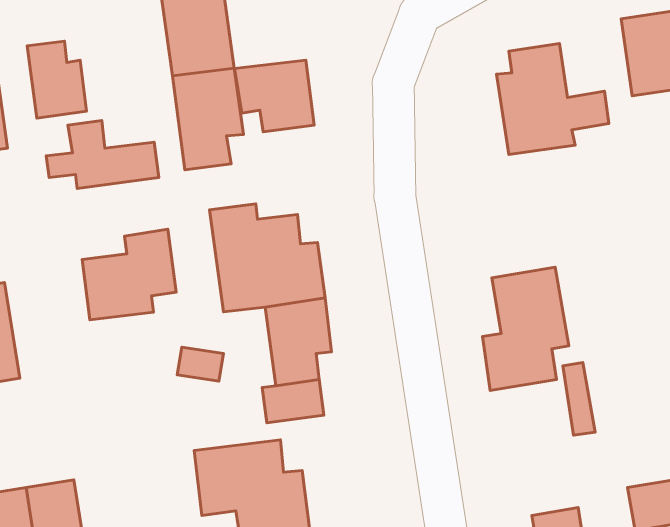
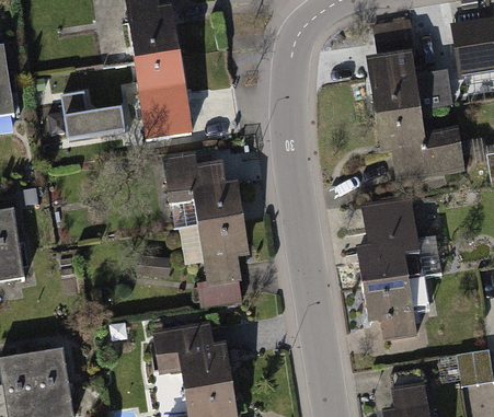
building: [27,41,87,118] -> none
building: [234,60,314,132] -> none
building: none -> [374,112,462,184]
building: [82,229,176,320] -> none
building: none -> [360,278,416,339]

